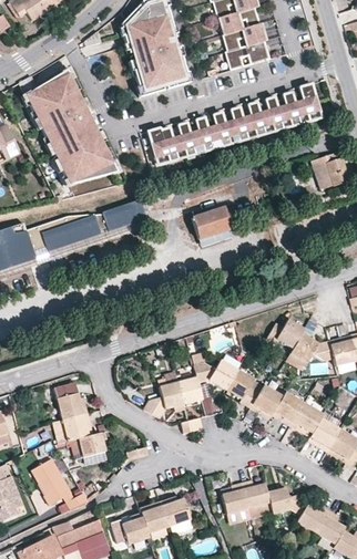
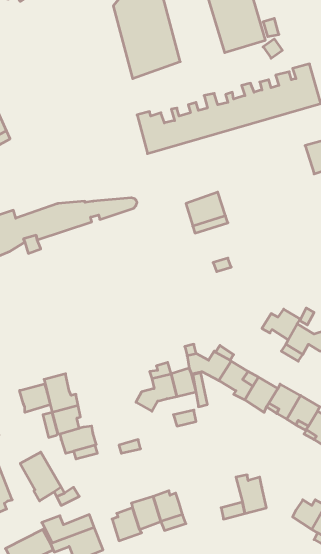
building: [24,69,115,183] -> none
building: none -> [20,384,50,412]
building: [222,483,248,513] -> none
building: [267,487,310,515] -> none

